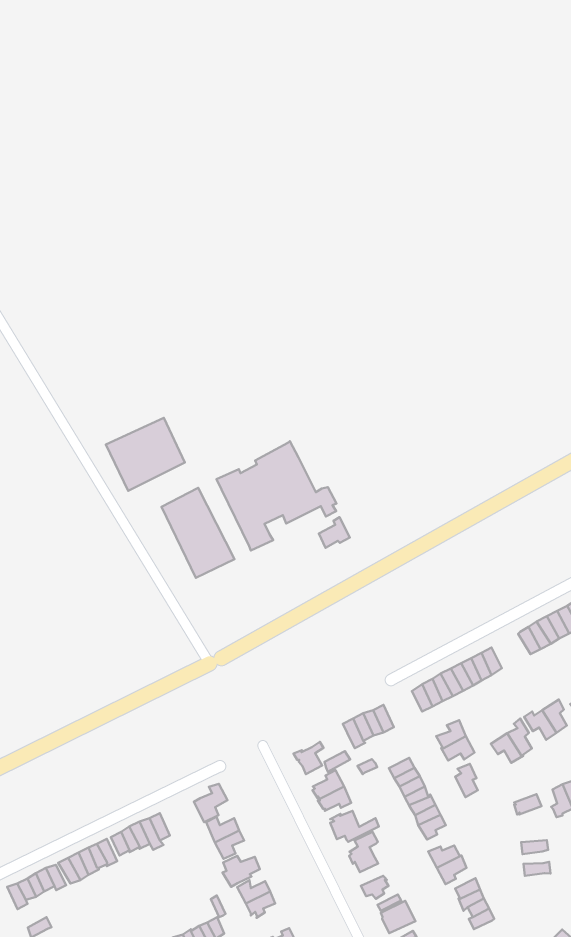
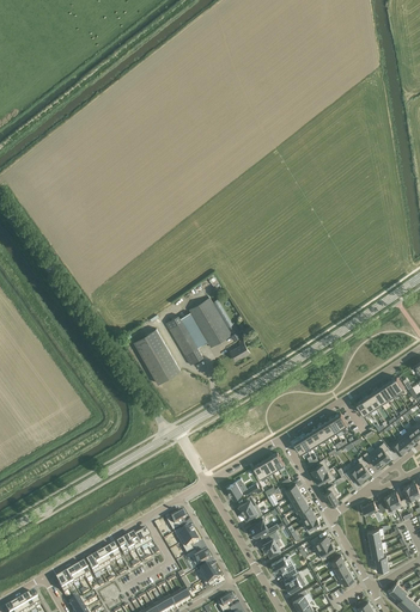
building: [106,418,185,491] -> none

